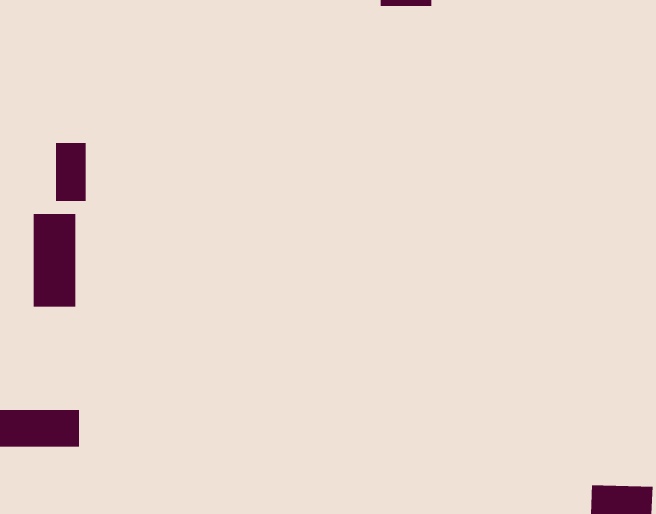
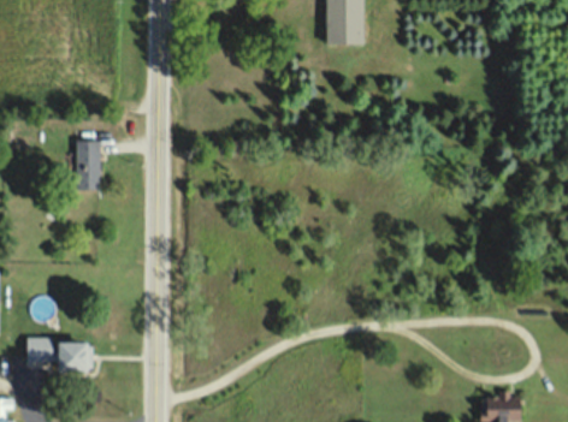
building: [33,213,76,307] -> none

